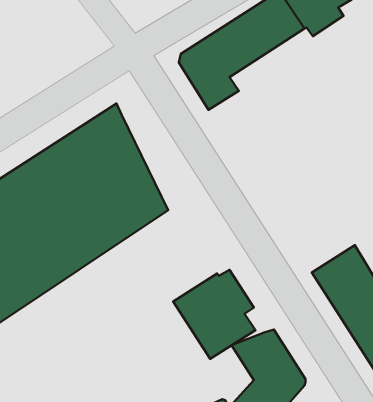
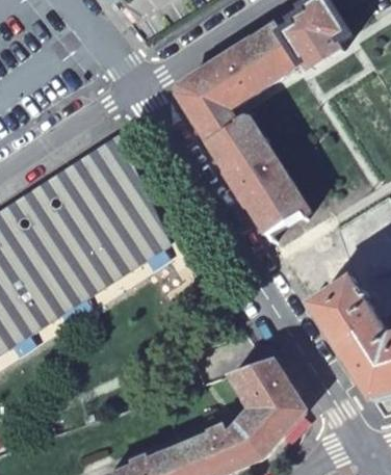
building: none -> [207,117,308,233]
building: [173,270,256,359] -> none

